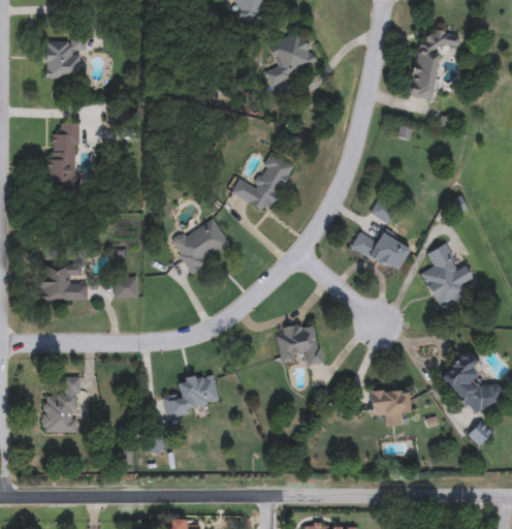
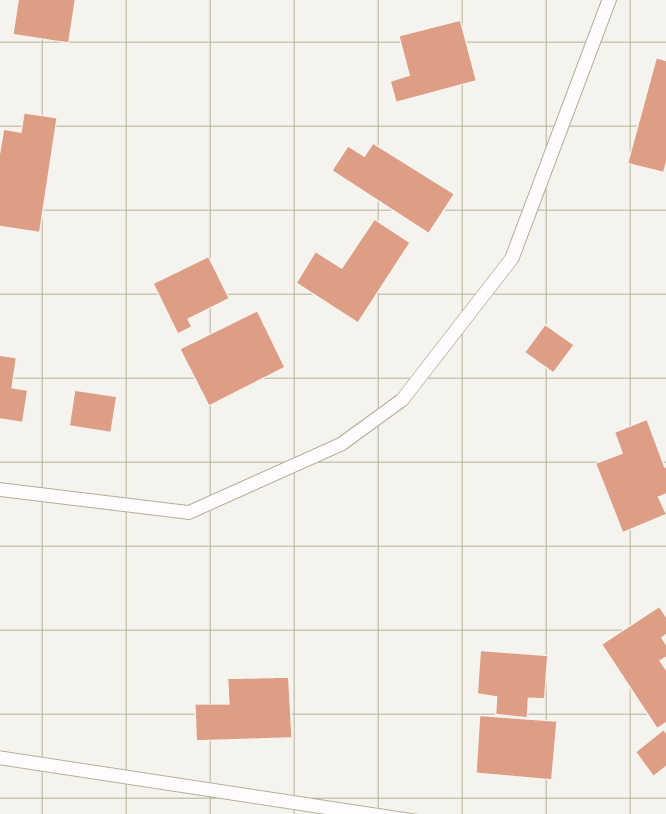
building: none -> [332,143,454,234]
building: none -> [153,256,229,334]
building: [351,230,413,273] -> none
building: [281,322,322,366] -> none
building: [162,372,221,416] -> [195,678,292,741]
building: none -> [476,716,557,780]

